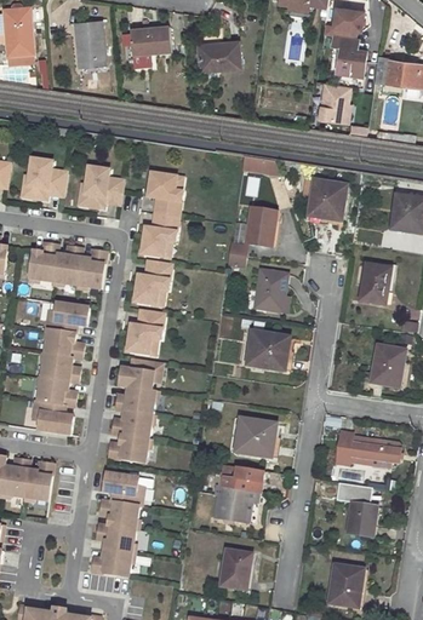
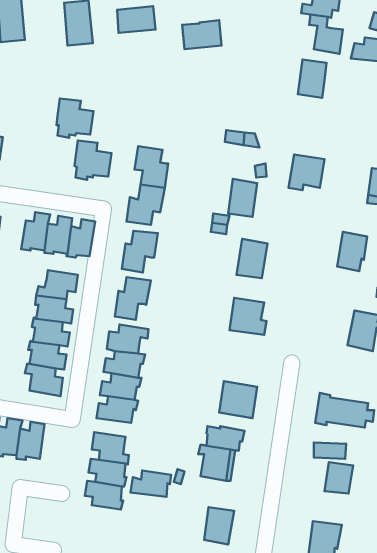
building: [28,159,67,200] -> [57,99,94,138]
building: [91,549,133,576] -> [131,470,171,497]

